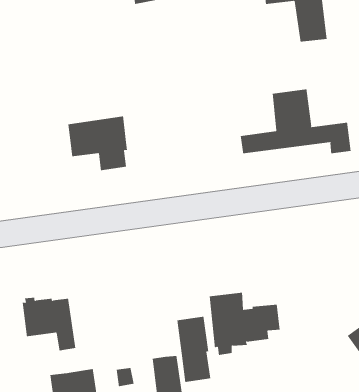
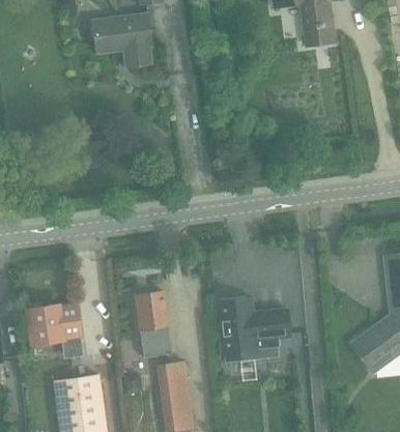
building: [240,88,351,154] -> none
building: [67,116,128,171] -> [91,12,152,68]
building: [176,316,211,383] -> [134,290,169,357]

